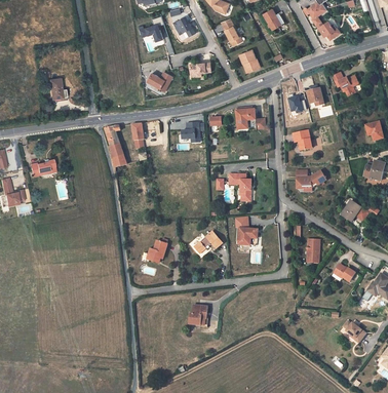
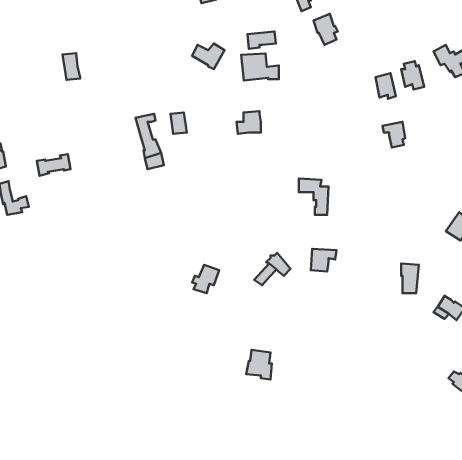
building: [236,110,265,130] -> [241,53,279,80]
building: [297,170,326,190] -> none

